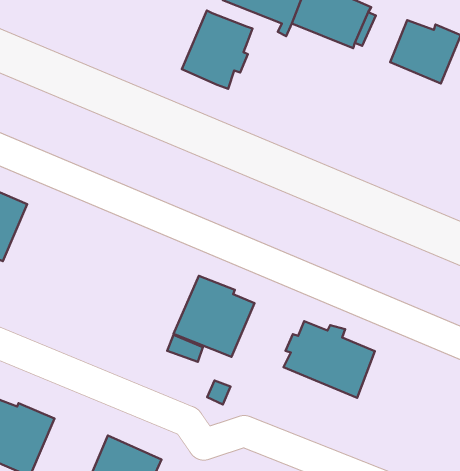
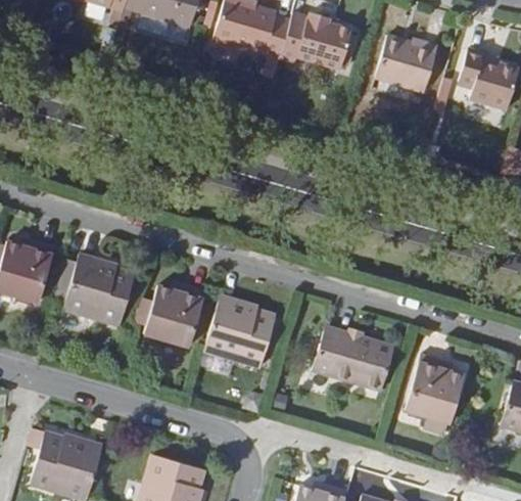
building: [182,10,253,89] -> none
building: none -> [61,254,134,326]
building: none -> [143,282,204,347]
building: none -> [404,354,463,423]

